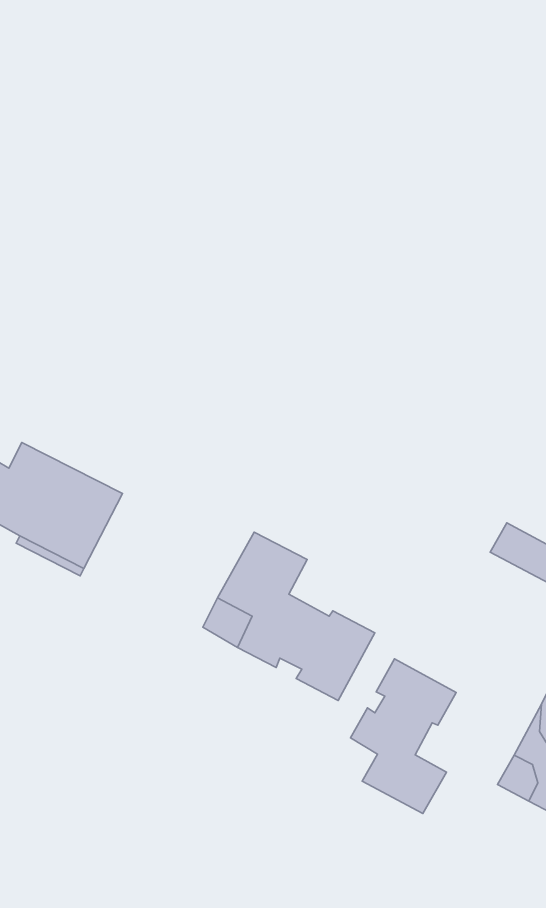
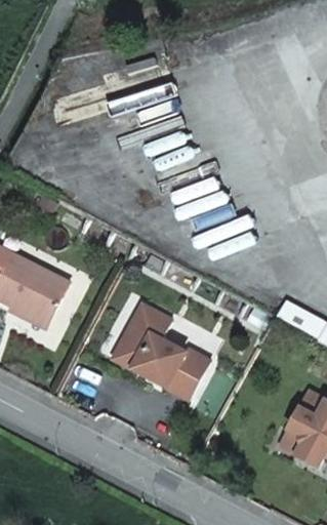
building: [351,659,456,813] -> none

